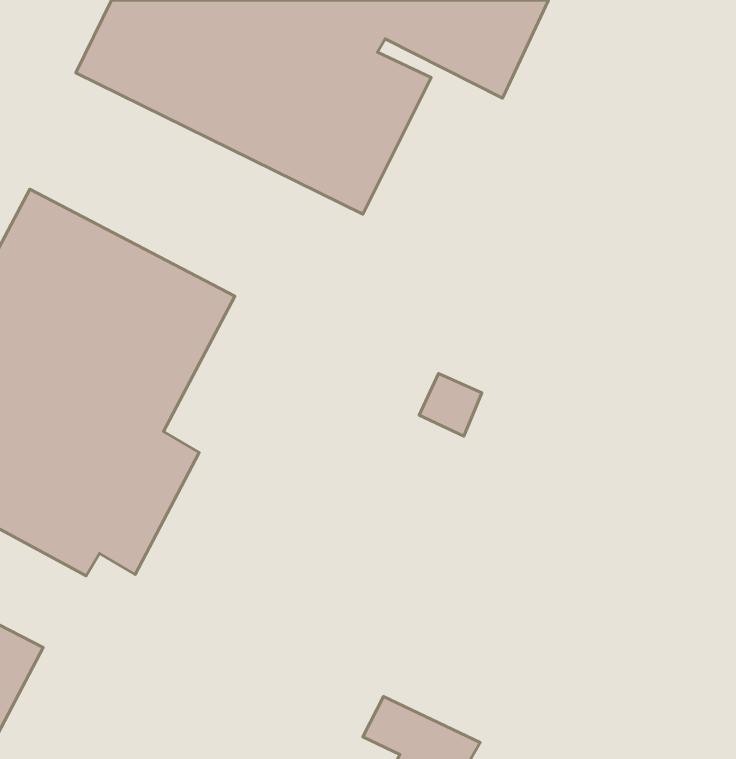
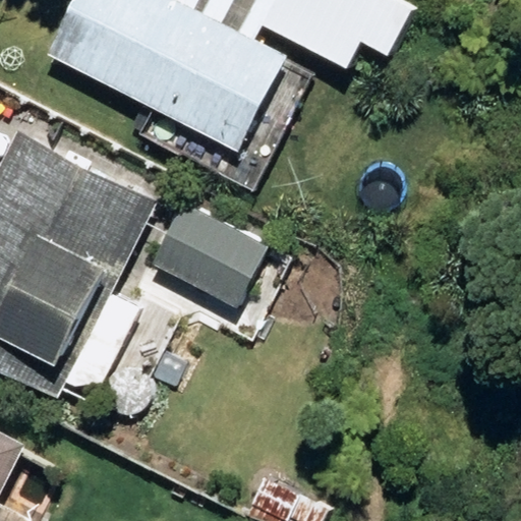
building: none -> [155,202,271,302]

